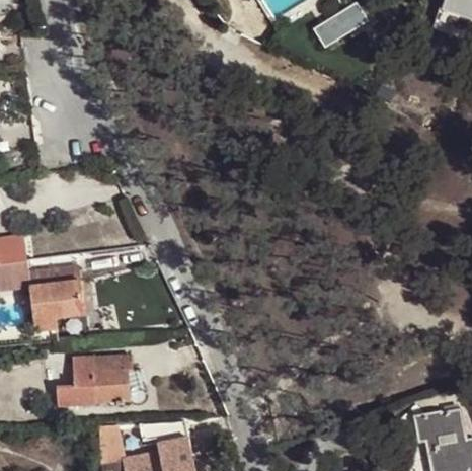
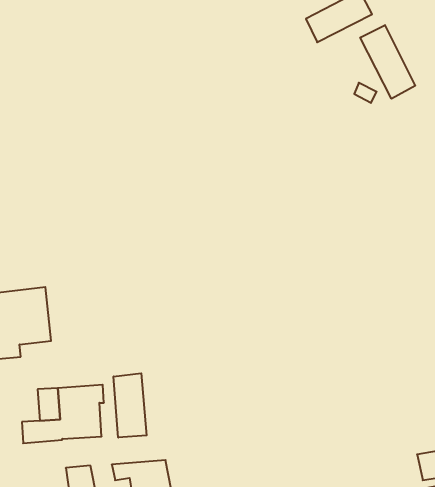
building: none -> [360,25,415,99]
building: none -> [114,373,147,438]

